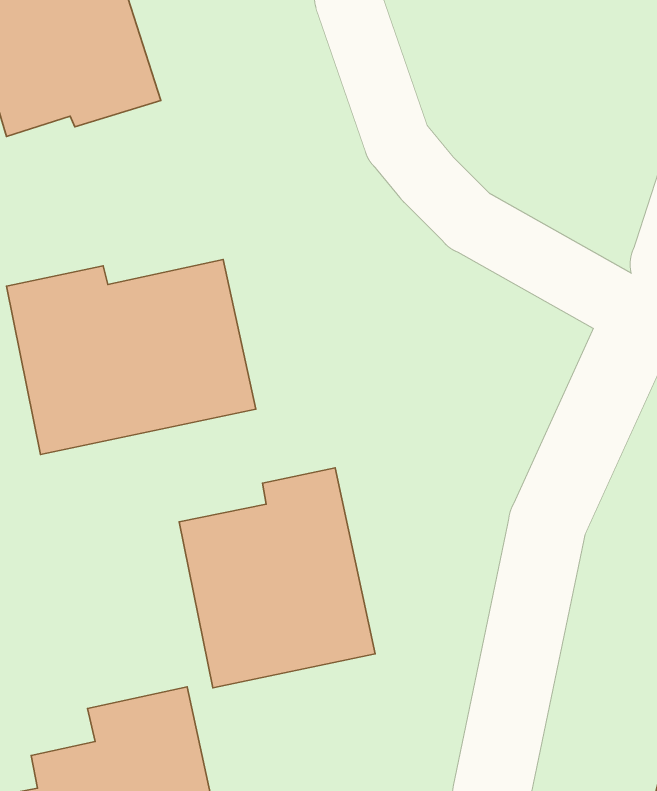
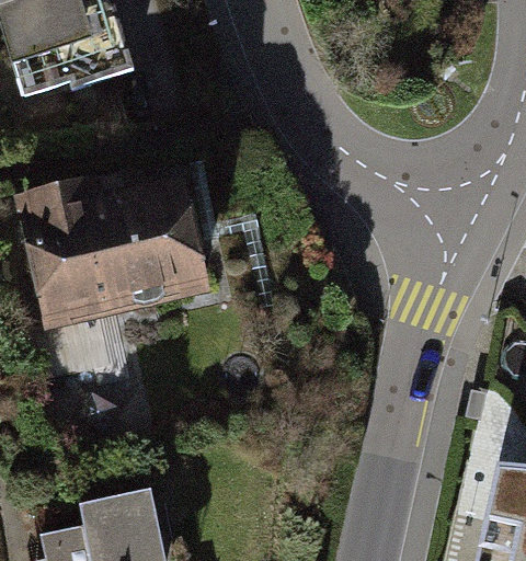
building: [179,468,375,688] -> none

